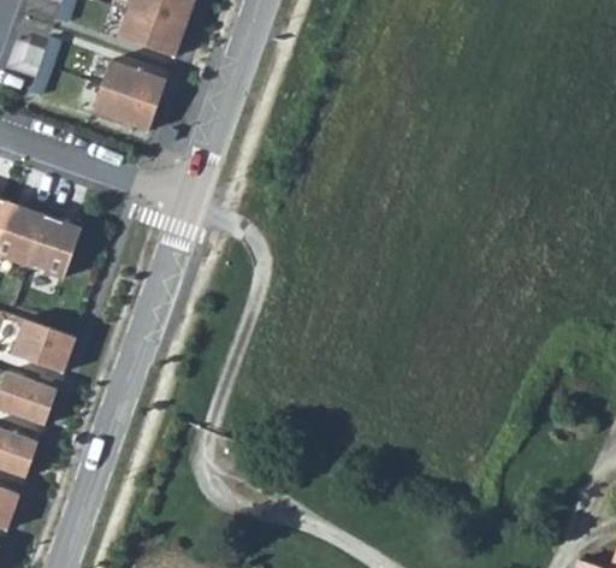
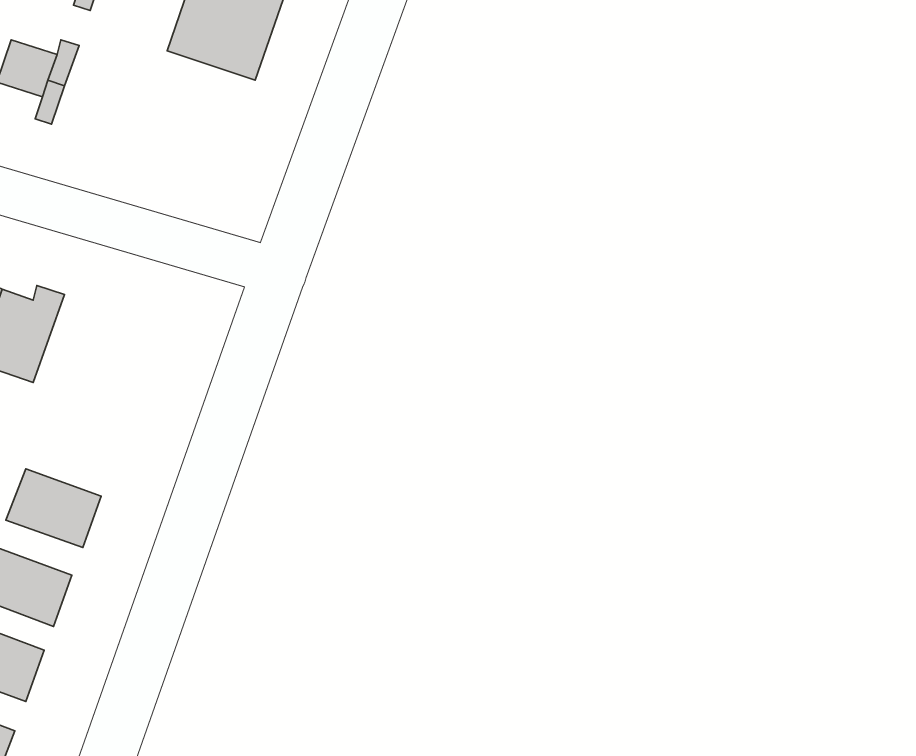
building: [91,67,166,138] -> none
building: [29,205,82,276] -> none

